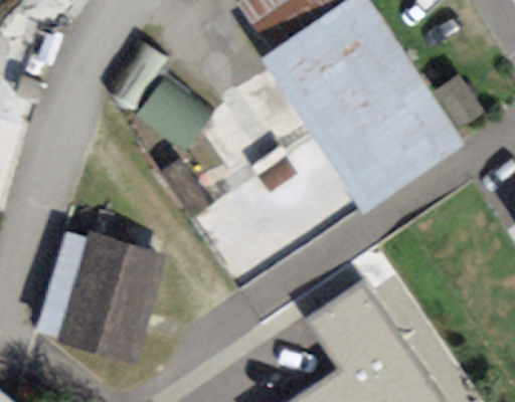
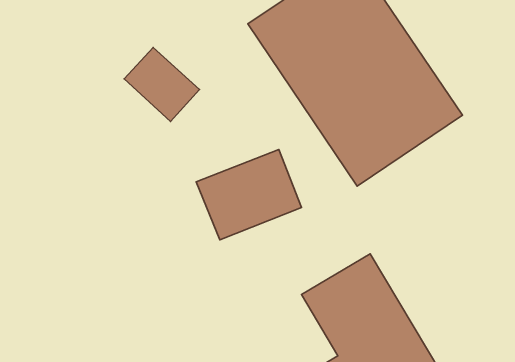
building: [54,233,165,366] -> none

